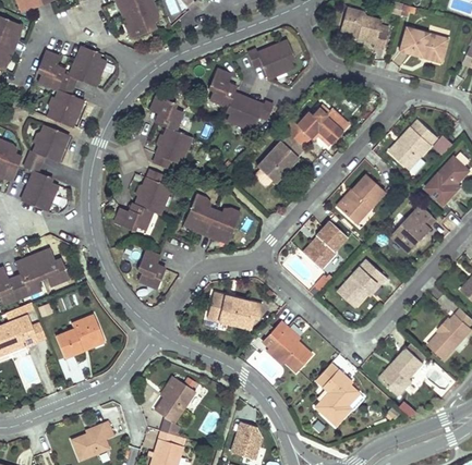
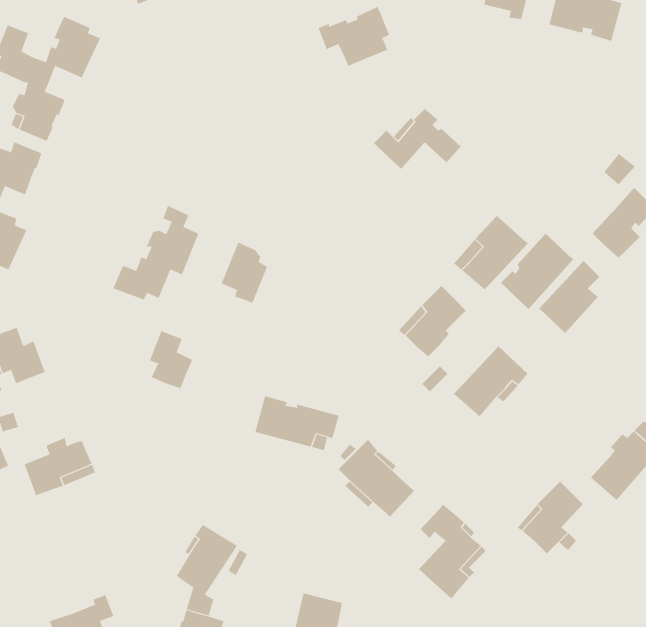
building: [207,69,273,131] -> none
building: [149,95,191,169] -> none
building: [389,119,437,169] -> [500,233,574,310]
building: [256,132,303,182] -> none
building: [205,207,242,240] -> none

